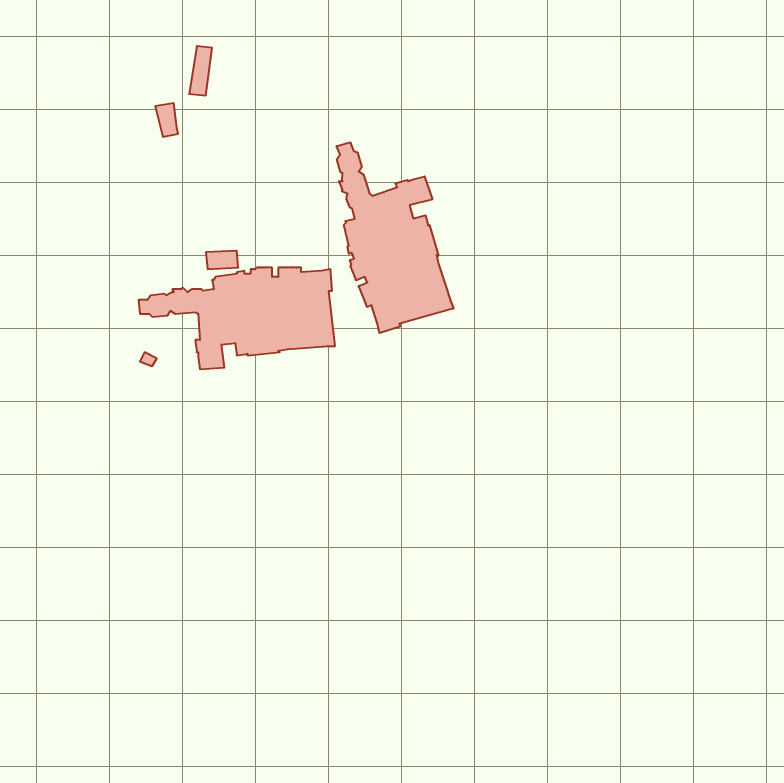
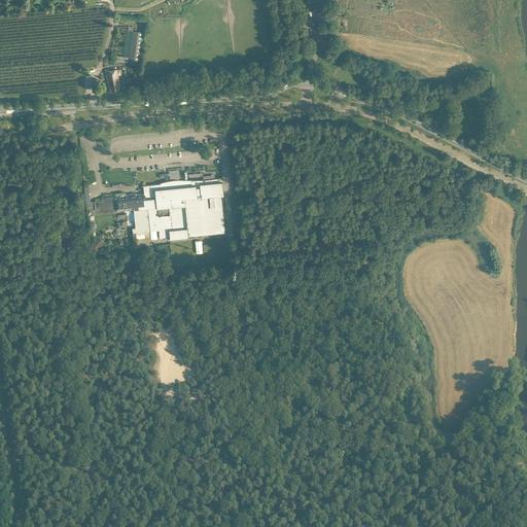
building: [337,142,454,333] -> none

